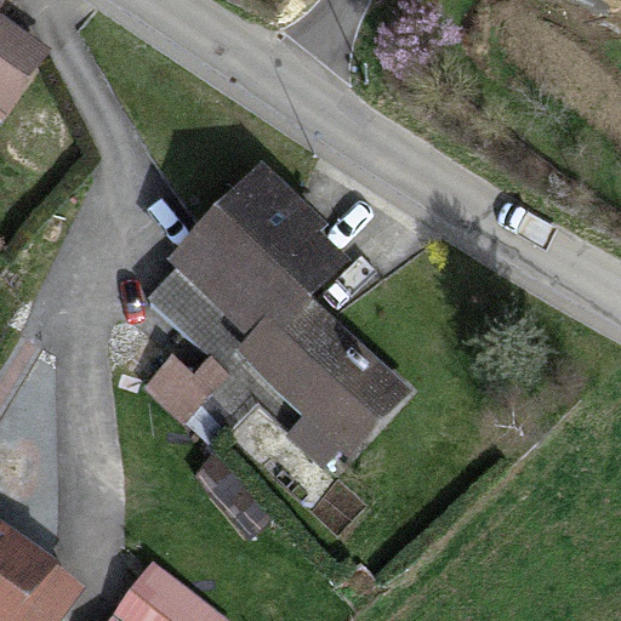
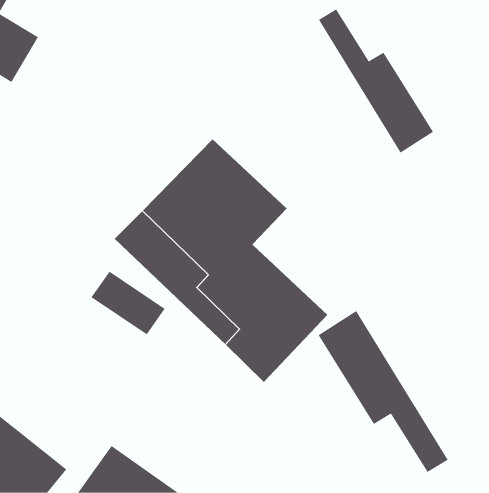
building: none -> [318,9,434,154]
building: none -> [318,310,449,473]

